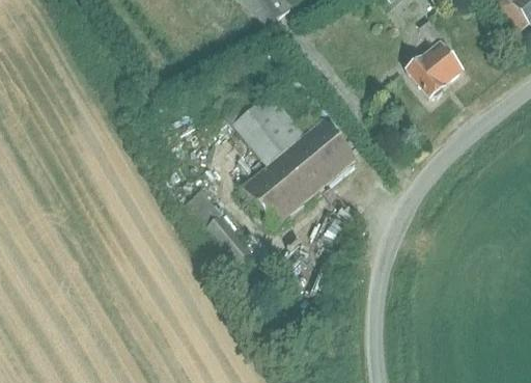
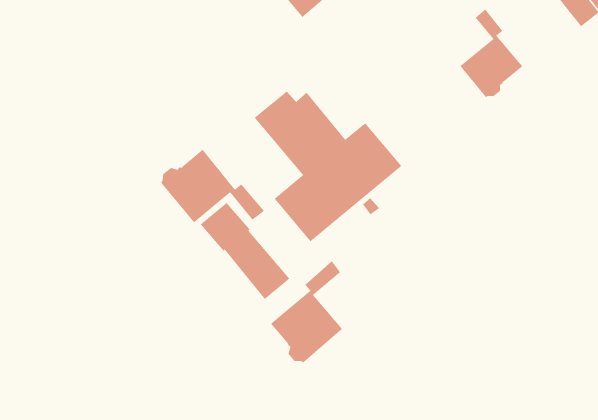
building: none -> [160,149,265,223]
building: none -> [270,261,343,363]

